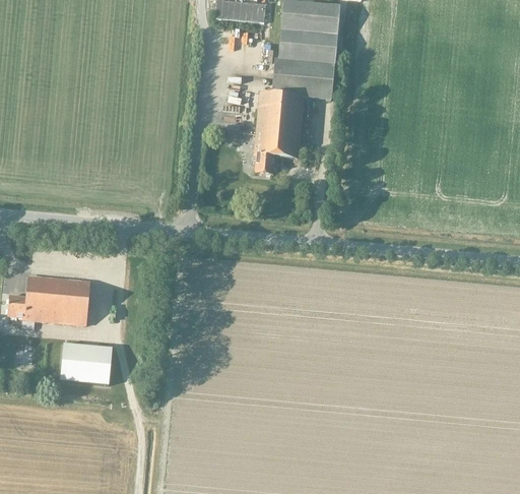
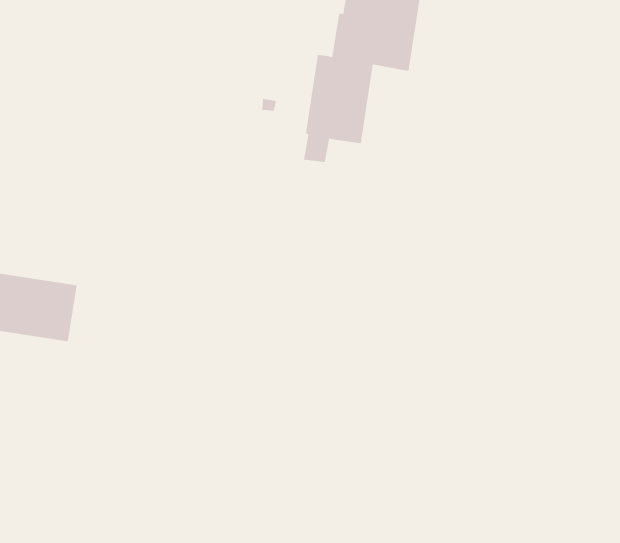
building: [61,343,113,383] -> none

